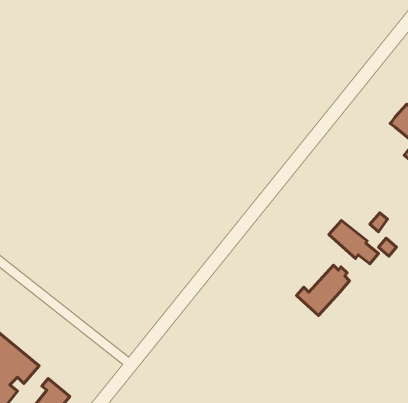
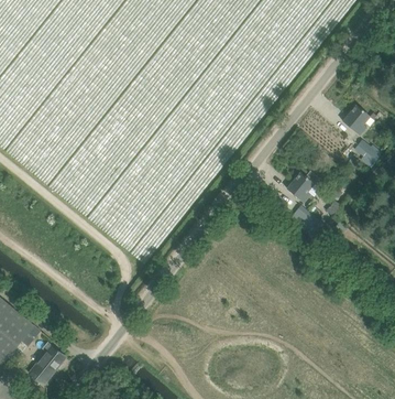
building: none -> [286,172,317,203]
building: [296,265,350,316] -> none

